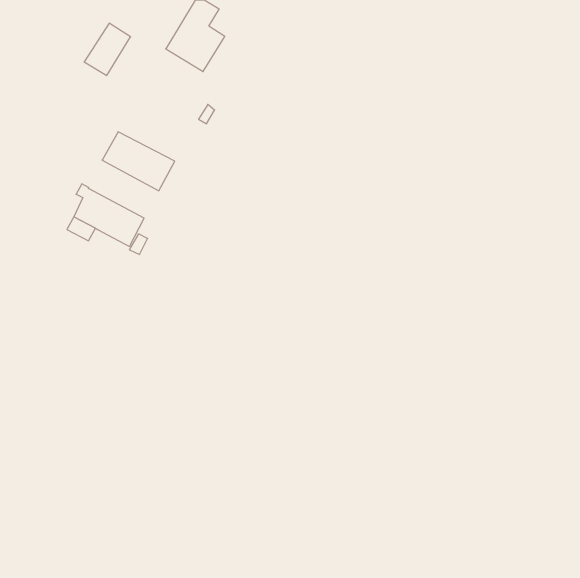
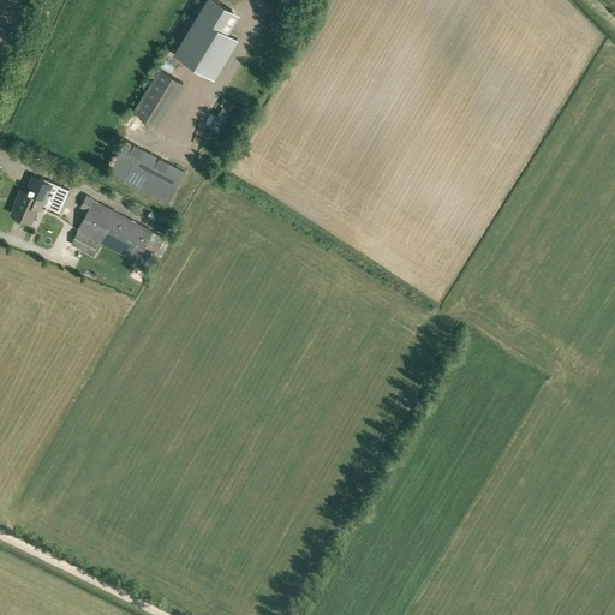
building: [84,23,131,76] -> [133,70,183,125]
building: none -> [12,178,68,223]

